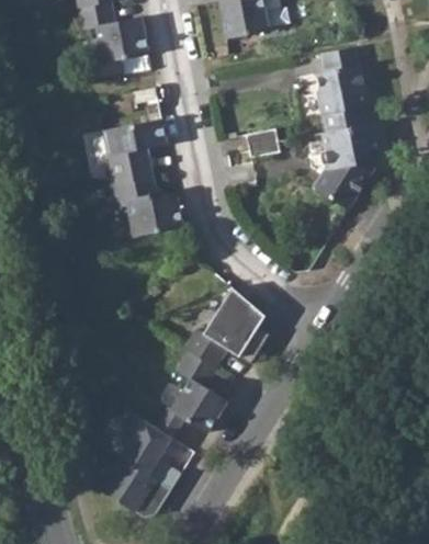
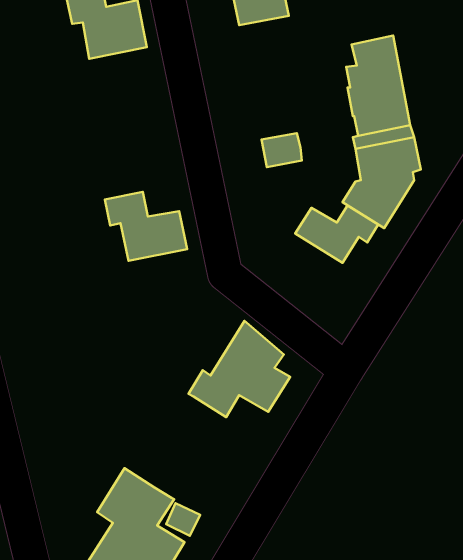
building: [102,118,166,184] -> none
building: none -> [295,205,378,263]
building: [155,350,226,435] -> none

